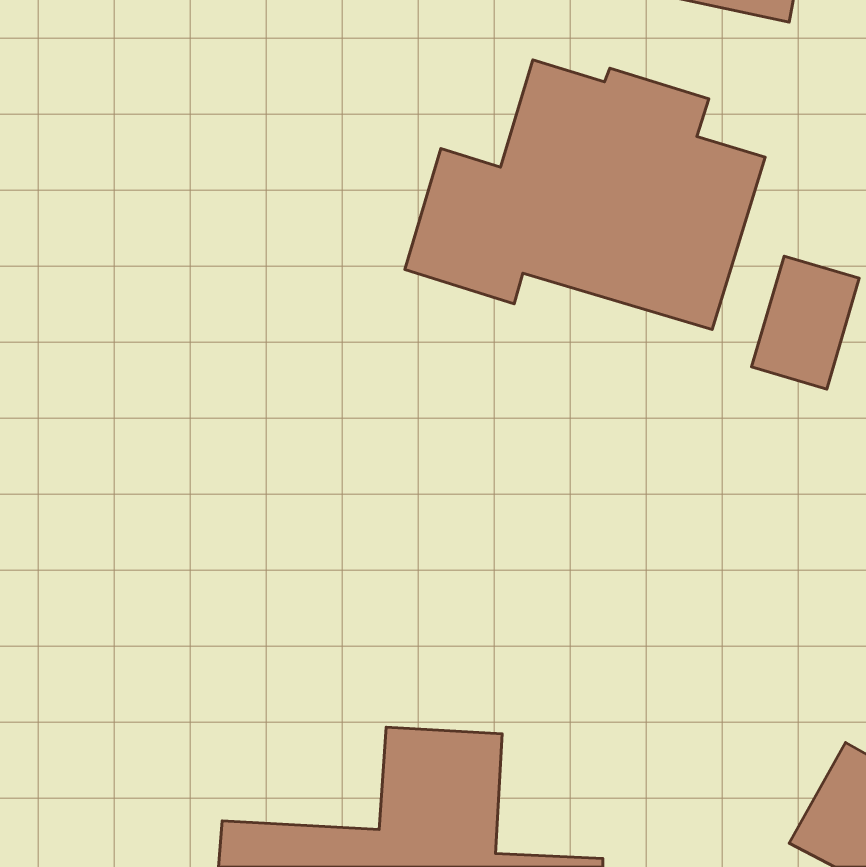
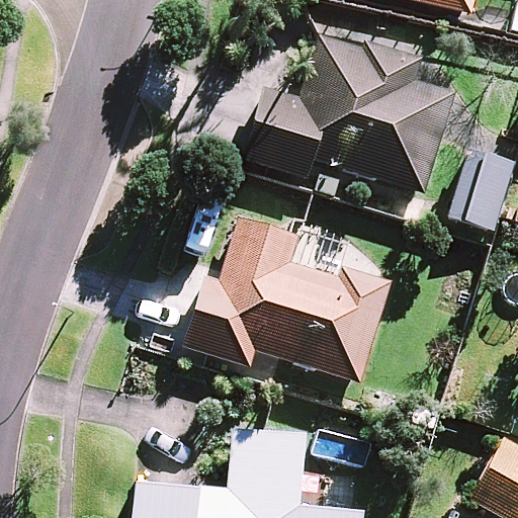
building: none -> [185,220,387,381]

